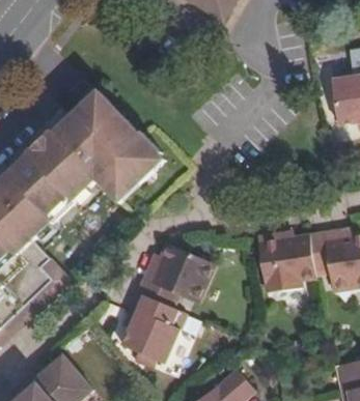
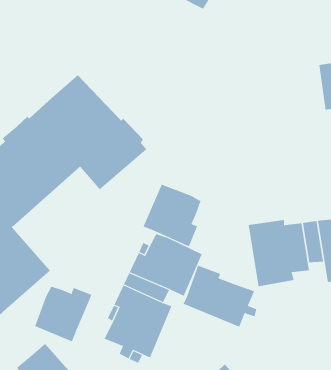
building: none -> [143,184,201,247]
building: none -> [183,265,257,328]
building: none -> [34,286,92,342]

